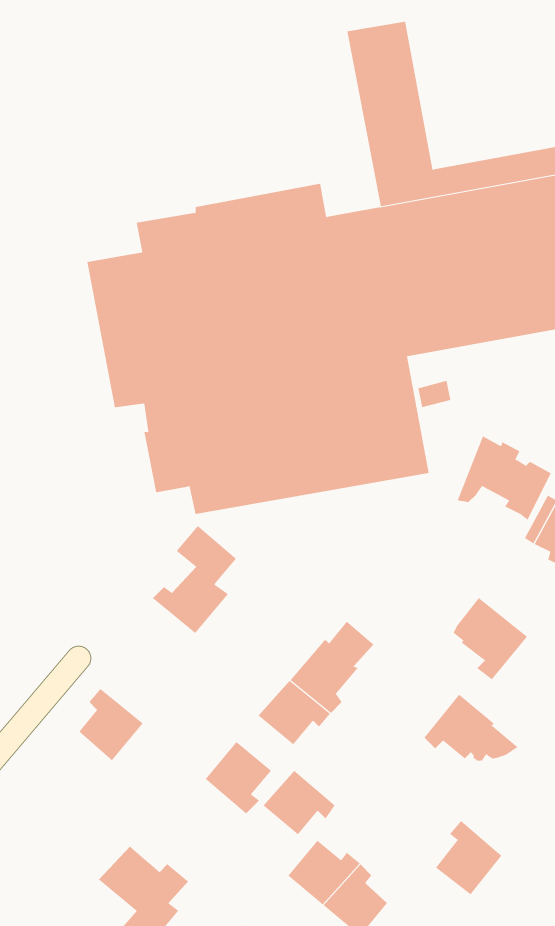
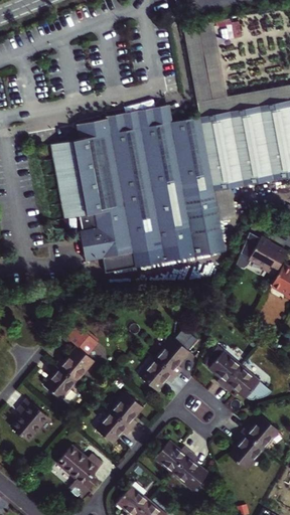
building: [152,525,237,634] -> [56,325,100,380]
building: [453,597,528,680] -> [201,345,240,387]
building: none -> [12,396,50,440]
building: [263,770,336,835] -> [94,408,131,442]
building: none -> [241,413,278,448]

